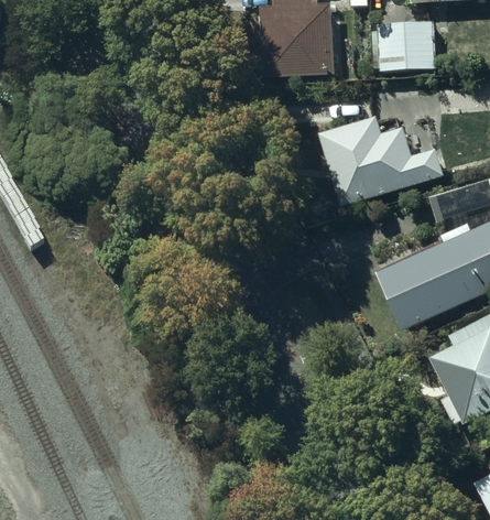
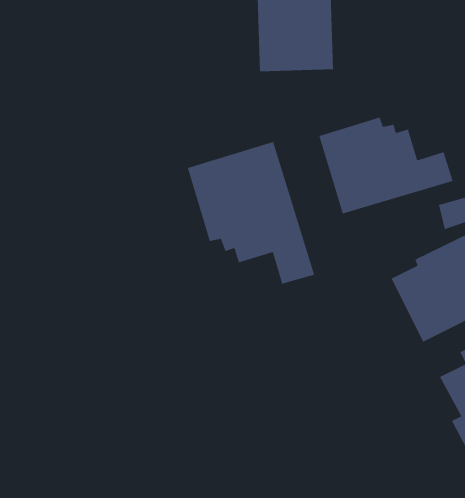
building: [377,21,434,69] -> none
building: none -> [187,141,315,285]

